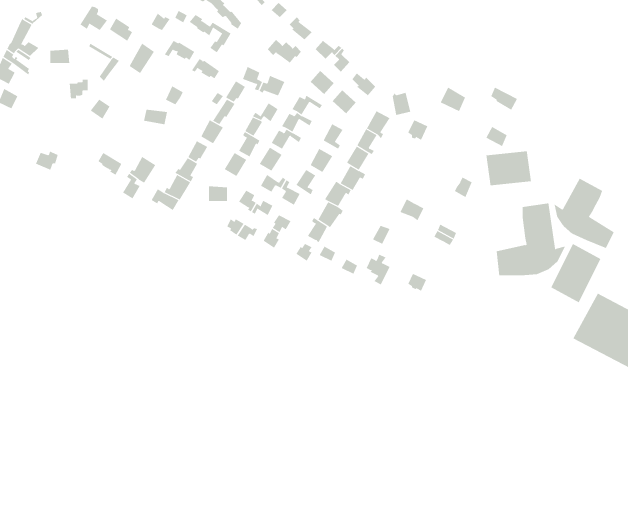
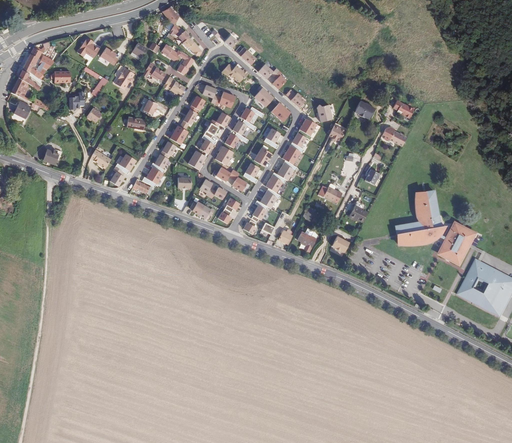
building: [486,151,532,186] -> none
building: [554,178,615,249] -> none

